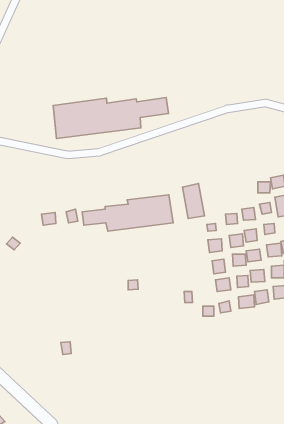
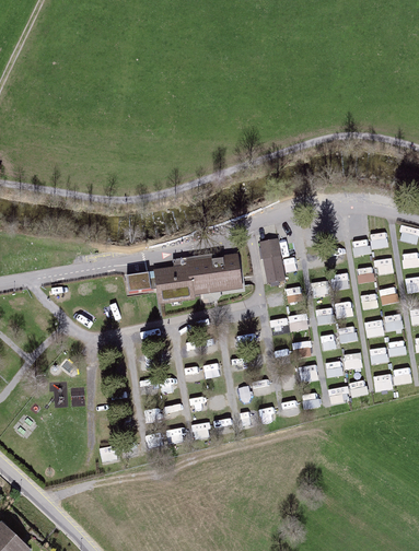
building: [53,97,168,139] -> none

